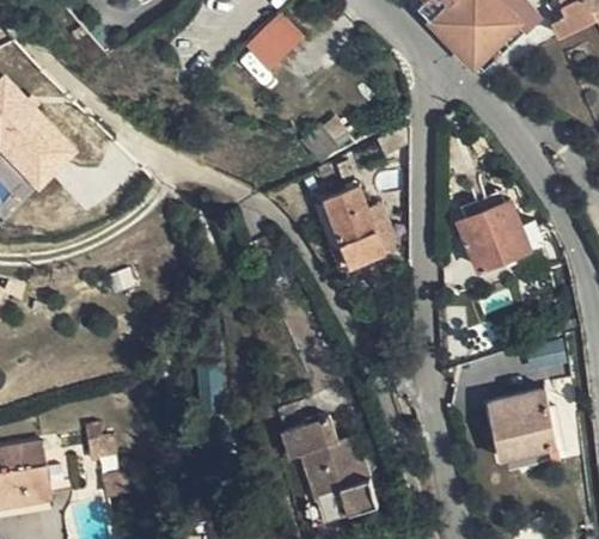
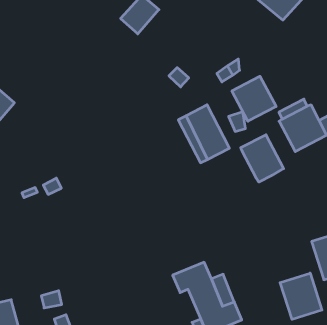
building: none -> [232,76,276,121]
building: none -> [241,135,284,182]
building: none -> [280,273,322,319]

